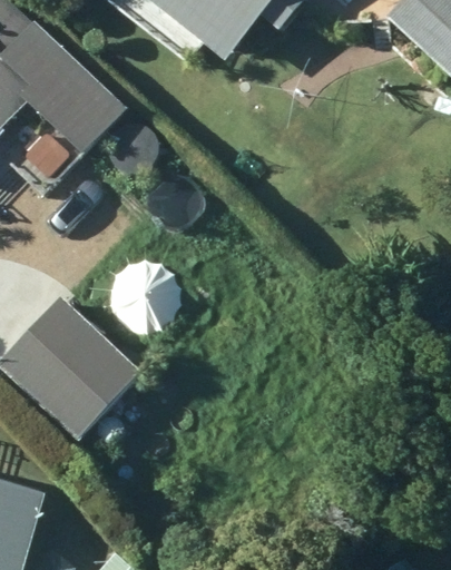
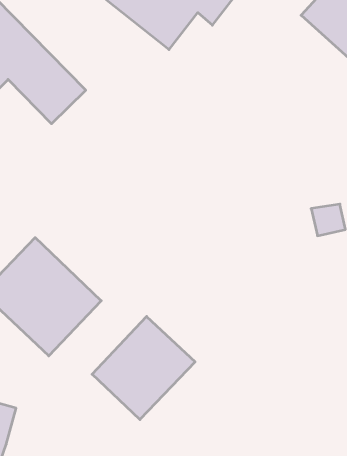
building: none -> [92,316,195,420]

